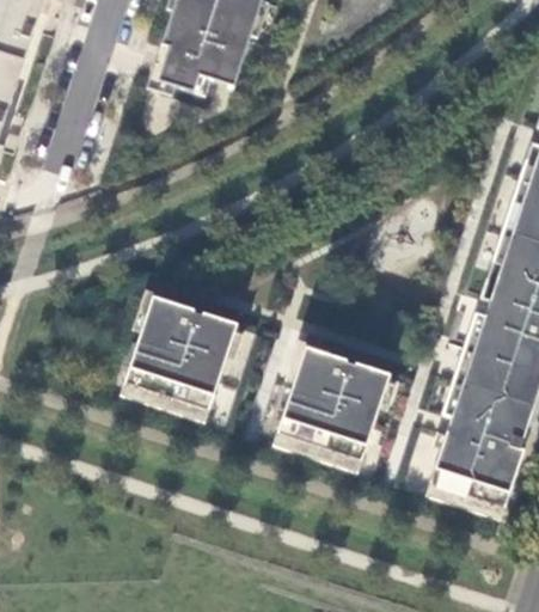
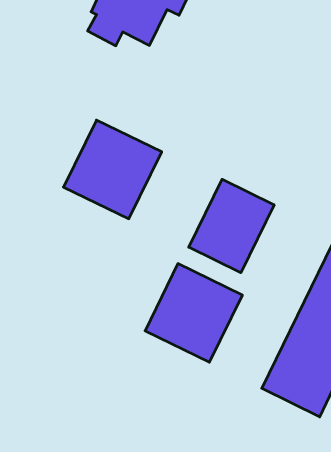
building: none -> [189,179,274,273]
building: [123,296,237,411] -> [63,120,162,219]

